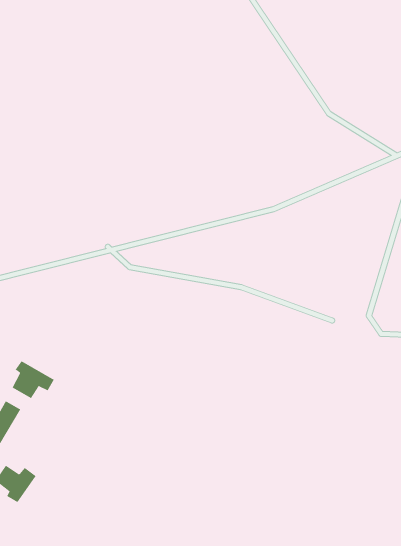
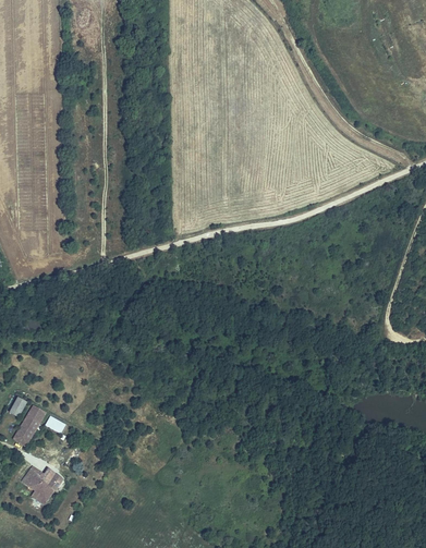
building: [12,360,54,399] -> none

